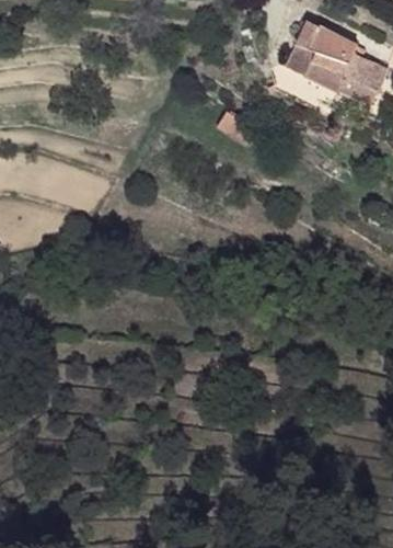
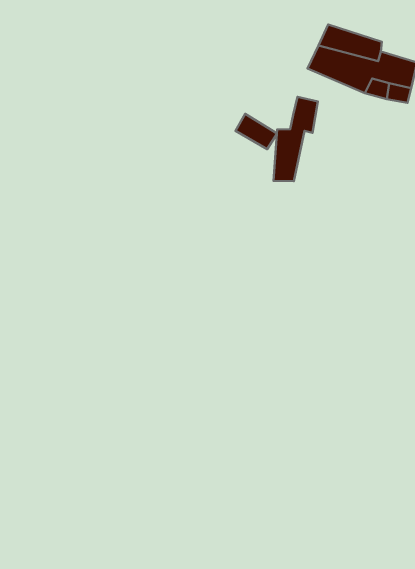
building: none -> [274,97,318,181]

